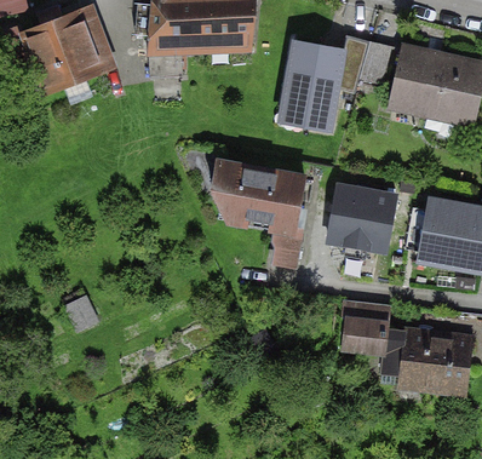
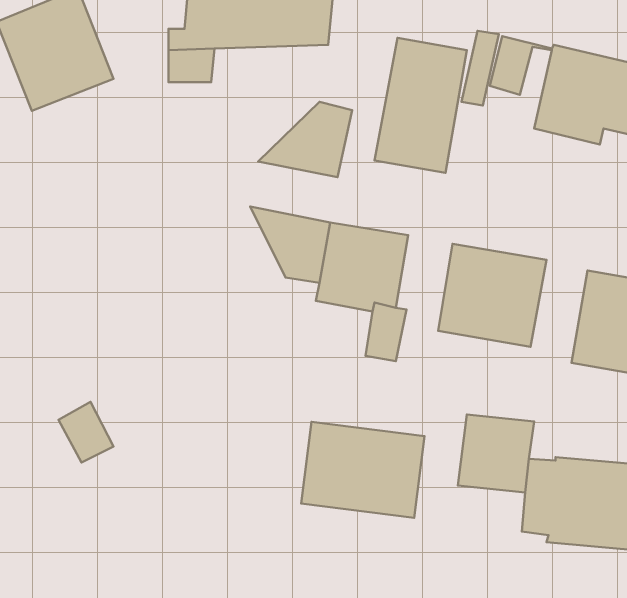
building: none -> [258,102,352,177]
building: none -> [301,422,424,518]

